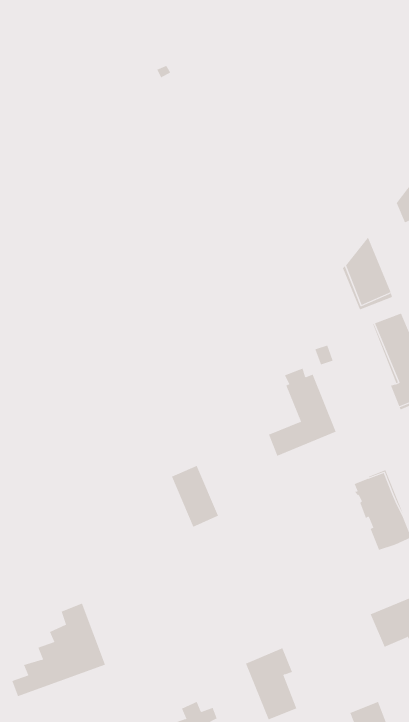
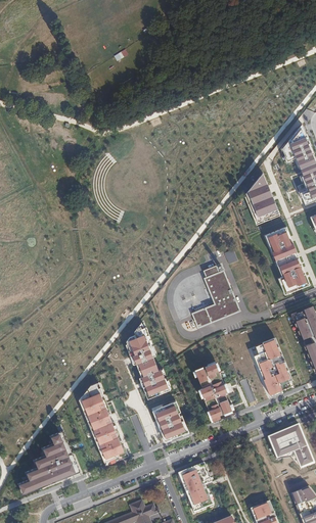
building: none -> [188,362,233,421]
building: none -> [135,369,167,399]
building: none -> [78,392,122,460]
building: none -> [150,403,183,441]

